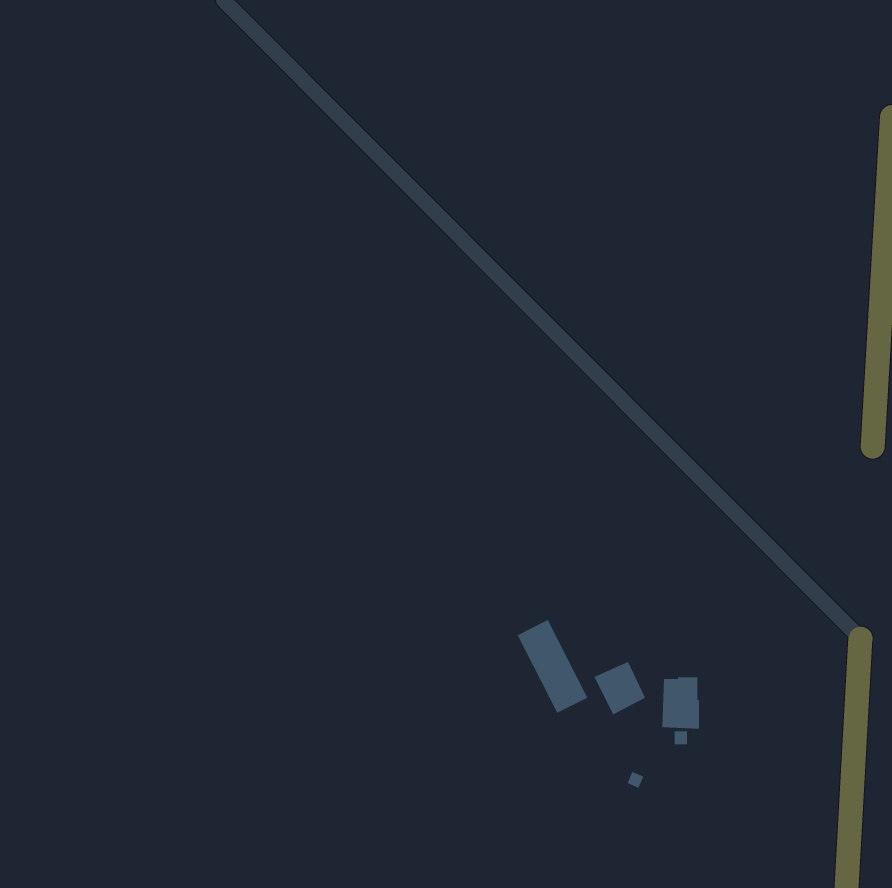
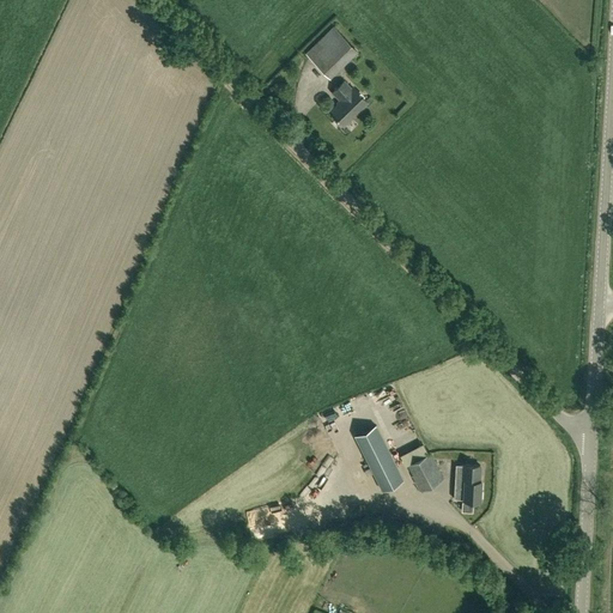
building: none -> [306,29,354,77]
building: none -> [330,84,368,128]

